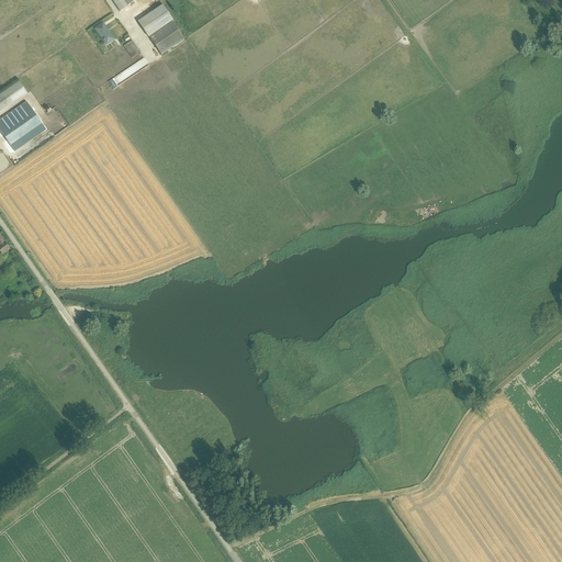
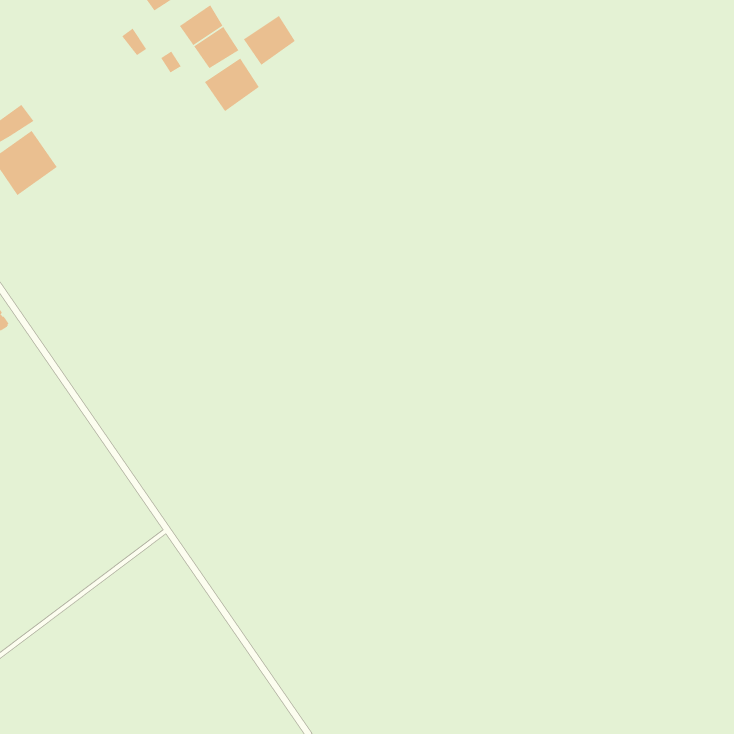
building: none -> [243,15,296,66]
building: none -> [204,57,260,112]

